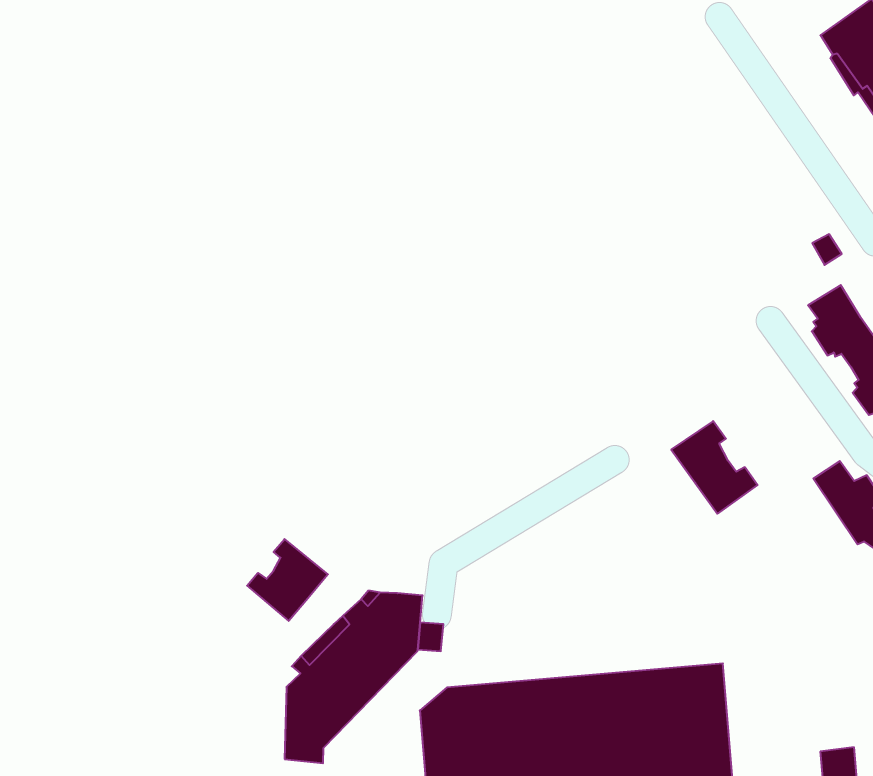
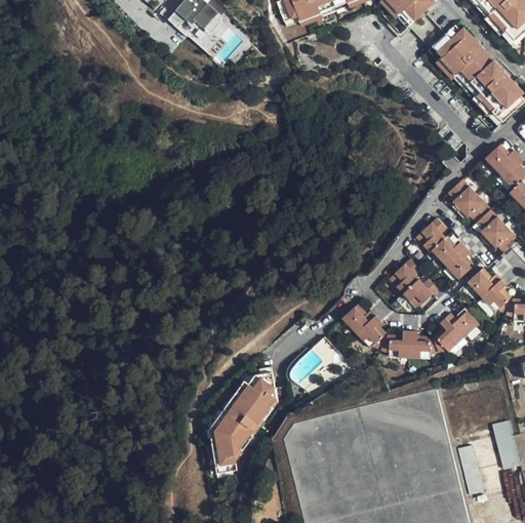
building: none -> [415,218,475,282]
building: none -> [346,309,470,362]
building: [247,539,328,621] -> none

